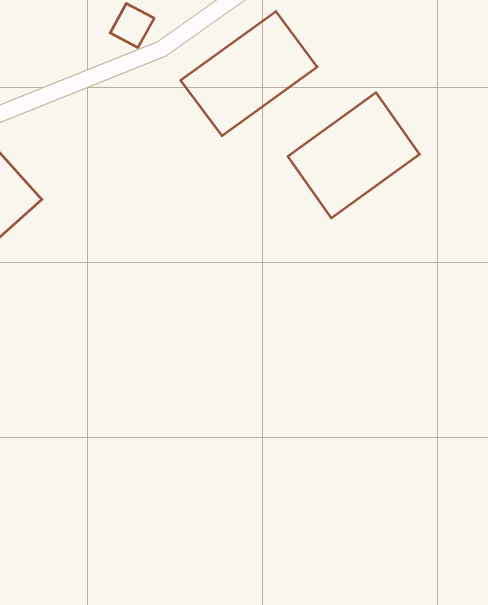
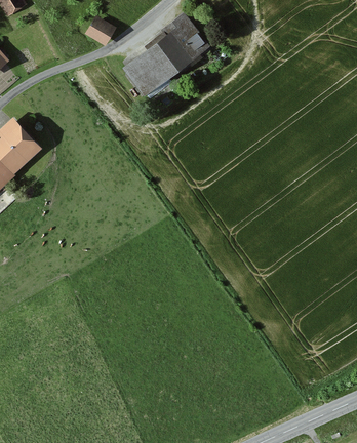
building: [288,93,420,218] -> none

